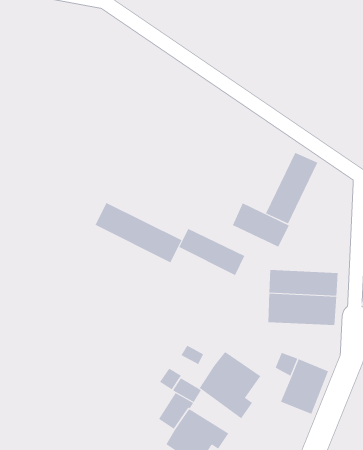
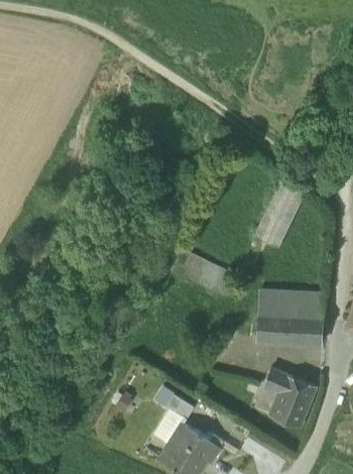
building: [95,202,182,263] -> none
building: [232,203,289,248] -> none
building: [199,351,261,419] -> none

